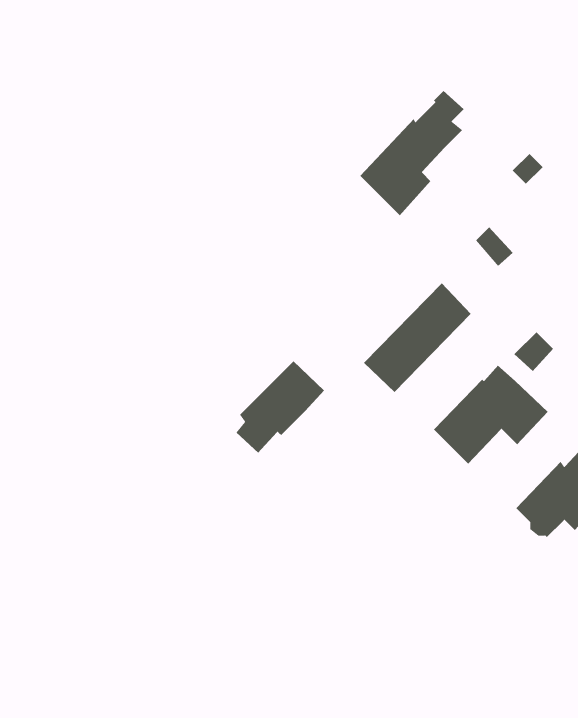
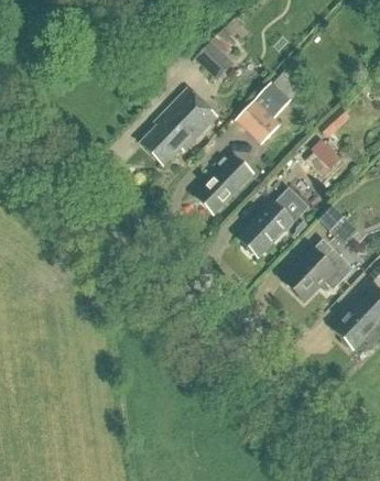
building: none -> [197,40,237,79]
building: none -> [142,86,218,164]
building: [236,361,325,453] -> [199,153,256,211]

